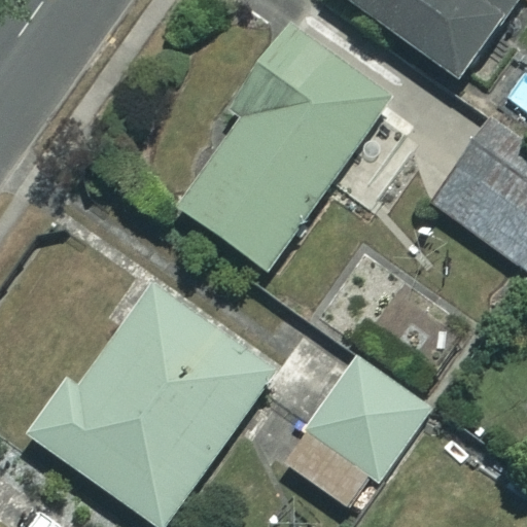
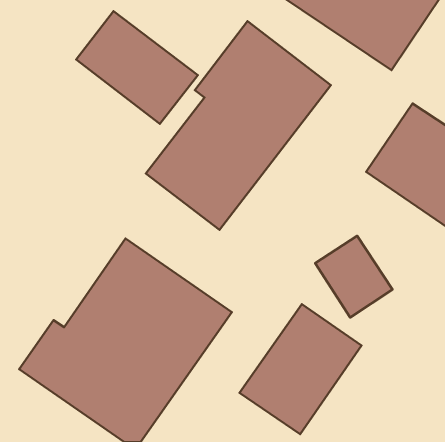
building: none -> [76,11,198,124]

